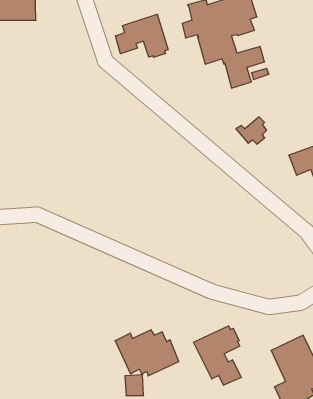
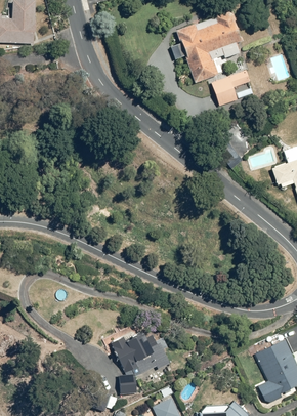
building: [115,14,168,57] -> none
building: [194,326,241,385] -> none

